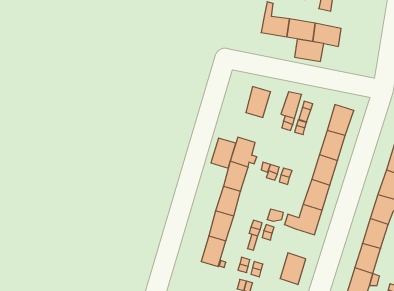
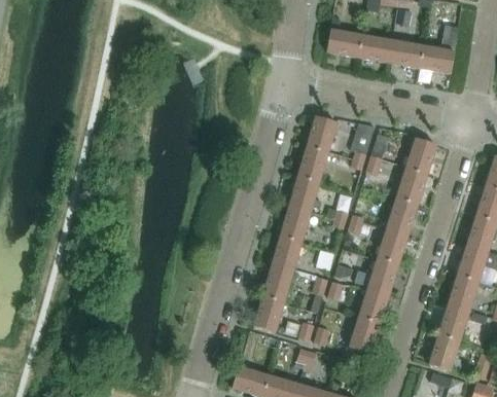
building: [295,39,324,61] -> [419,45,454,72]
building: [211,138,236,168] -> [298,146,328,182]
building: none -> [358,286,390,322]

